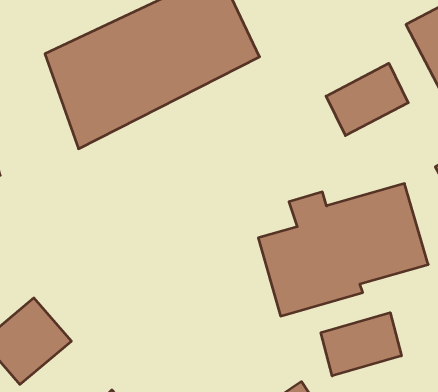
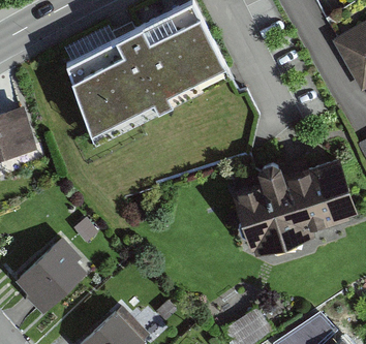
building: [326,63,408,136] -> none
building: [321,313,401,376] -> none

